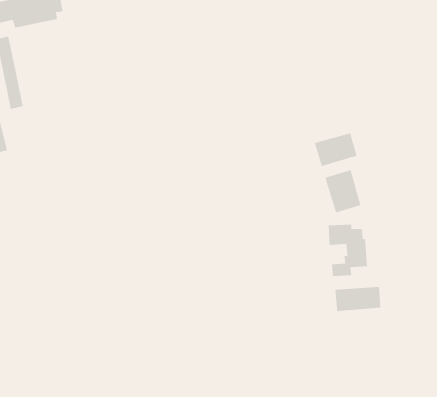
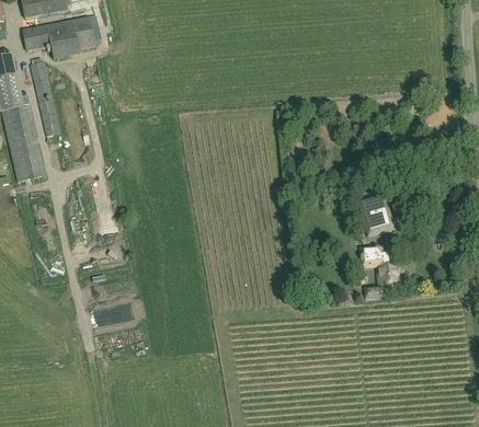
building: [314,133,357,167] -> none
building: [335,286,381,312] -> none

